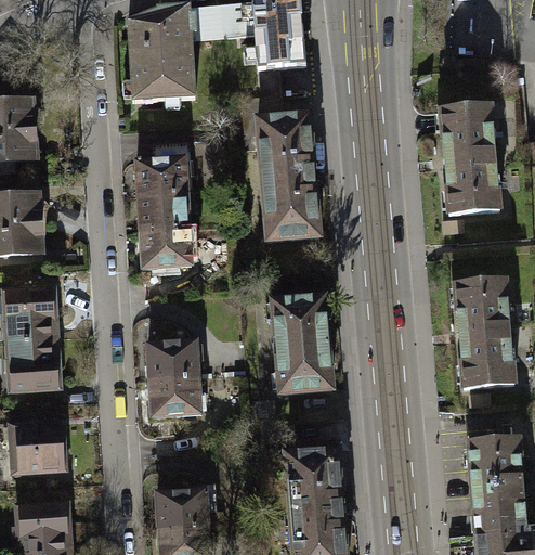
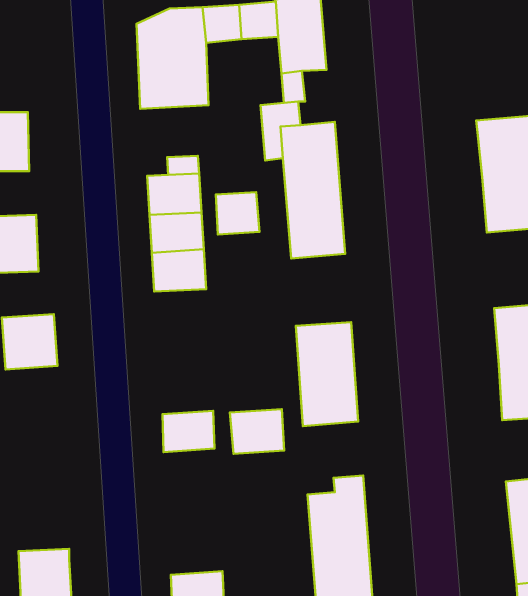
building: none -> [216,192,259,235]
building: [8,337,58,388] -> none
building: [148,340,198,382] -> [230,409,284,454]
building: [11,422,63,469] -> none
building: [157,490,207,529] -> none

